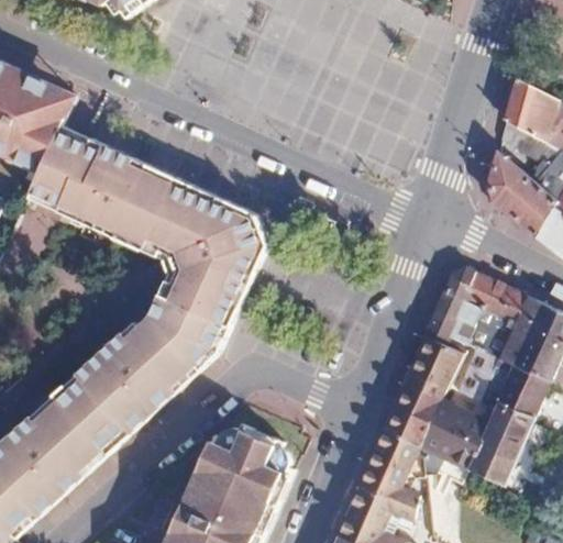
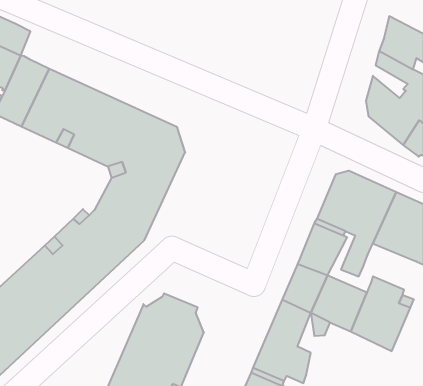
building: [477,358,549,415] -> none

